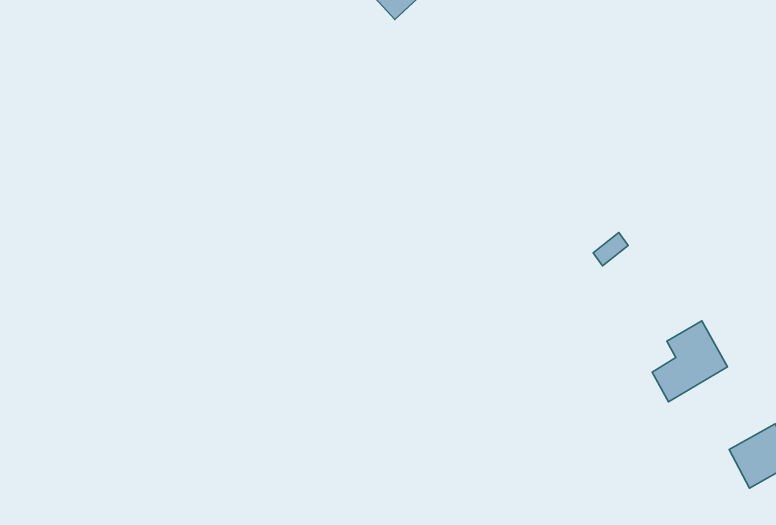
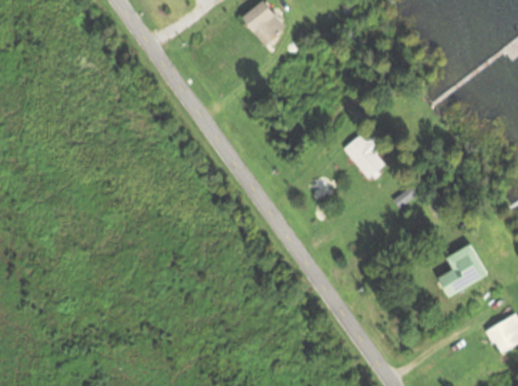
building: none -> [344,134,387,178]

